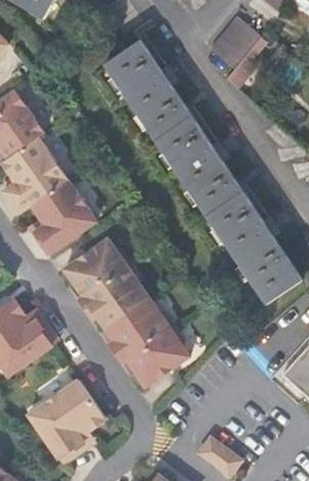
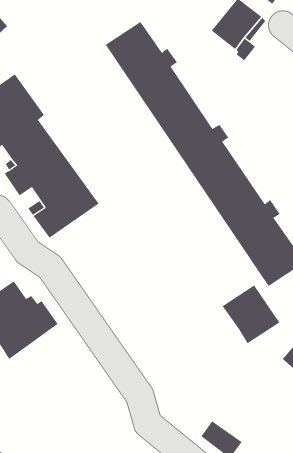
building: [64,238,190,387] -> none
building: none -> [222,284,280,344]
building: [30,380,107,465] -> none

